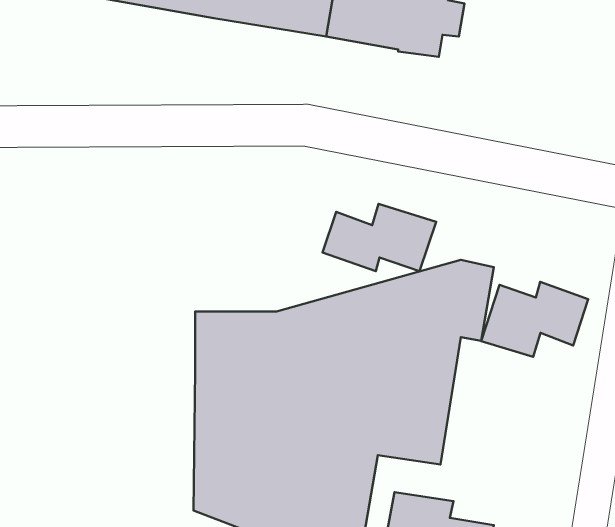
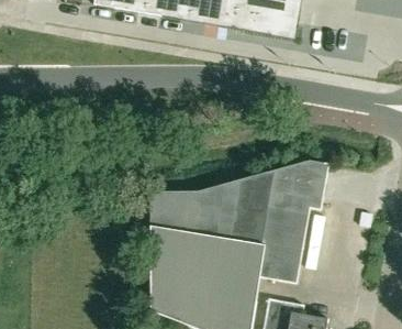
building: [323,204,436,271] -> none
building: [481,282,588,357] -> none

